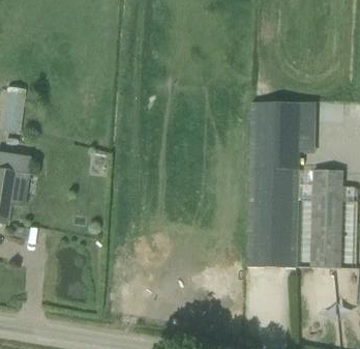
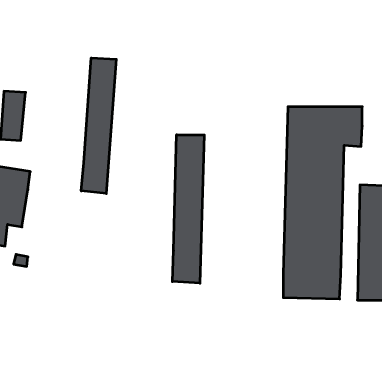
building: none -> [81,58,116,194]
building: none -> [172,135,204,283]

